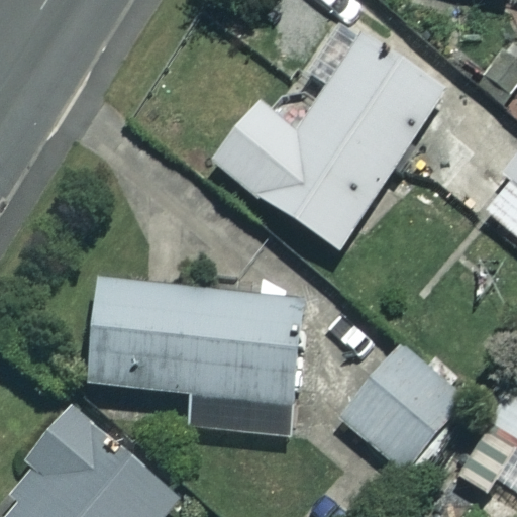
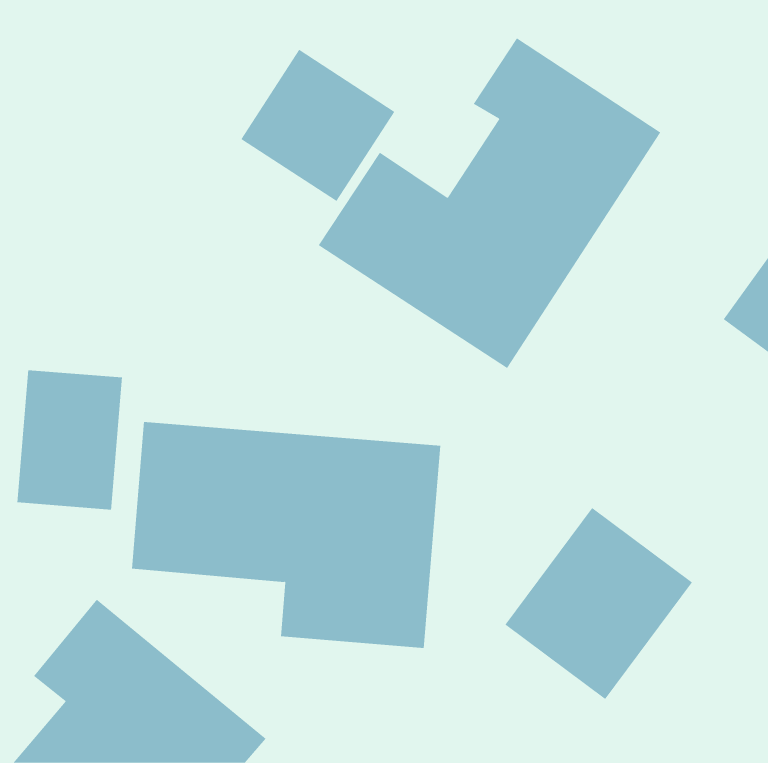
building: none -> [240,49,395,202]
building: none -> [17,369,123,510]

